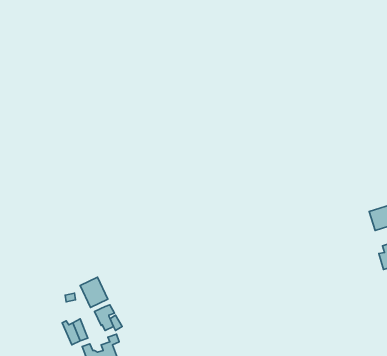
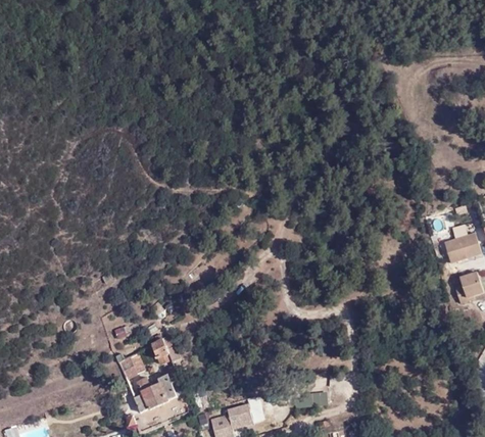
building: [80,277,108,307] -> none

